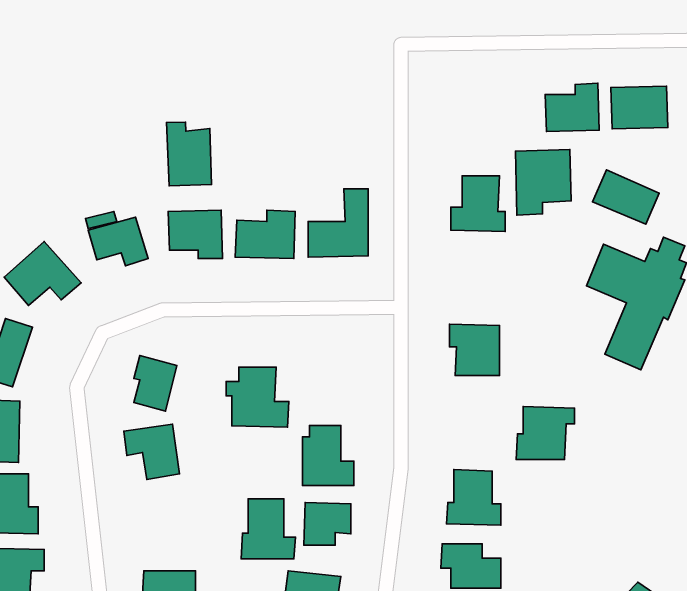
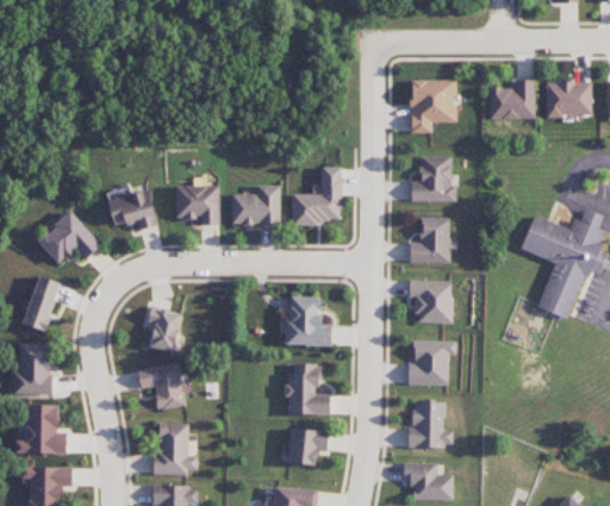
building: [166,122,211,186] -> none
building: [516,150,571,215] -> [409,79,455,133]
building: [593,170,659,224] -> none
building: none -> [409,218,449,263]
building: [226,367,289,427] -> [279,296,331,346]
building: [516,407,575,459] -> [406,341,455,385]
building: [241,499,295,559] -> [151,424,197,474]

